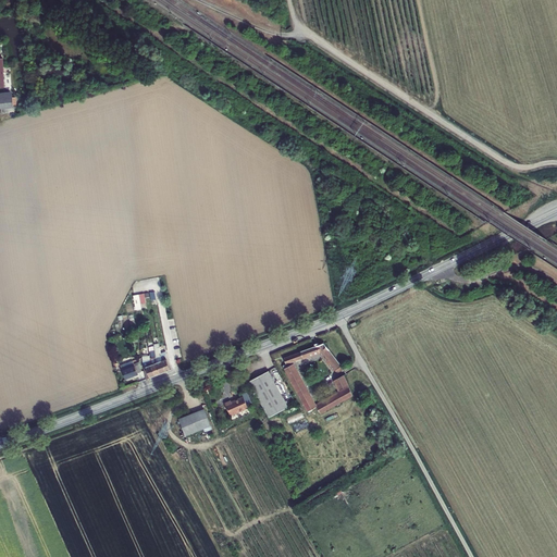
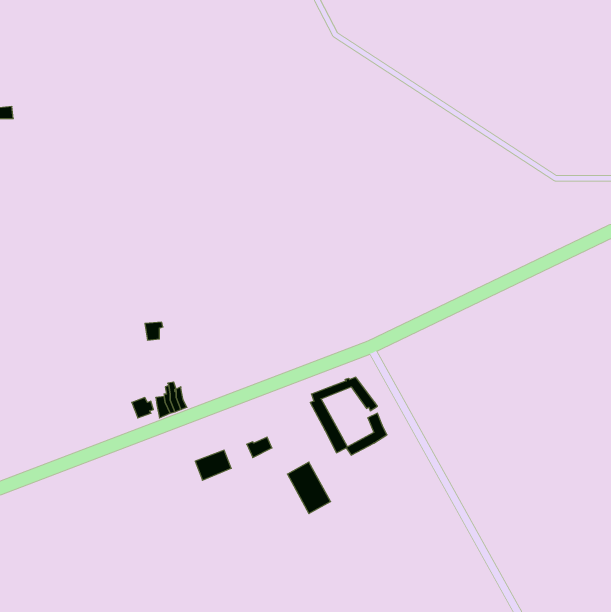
building: [248,371,287,418] -> [287,462,331,514]

